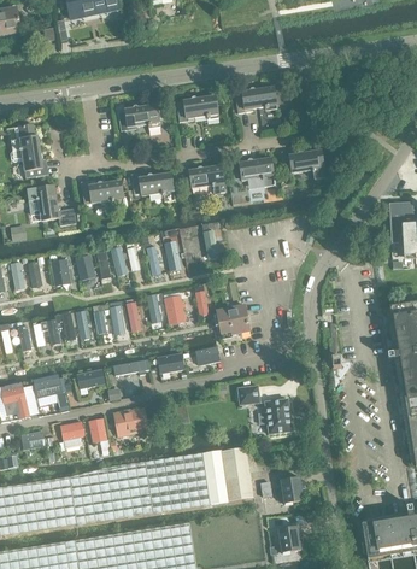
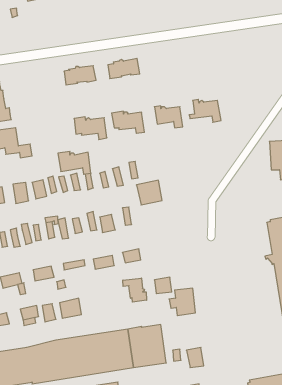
building: [235,86,276,112] -> none
building: [81,178,124,209] -> [58,151,91,174]
building: [216,304,249,336] -> [136,180,162,205]
building: none -> [123,278,147,302]

